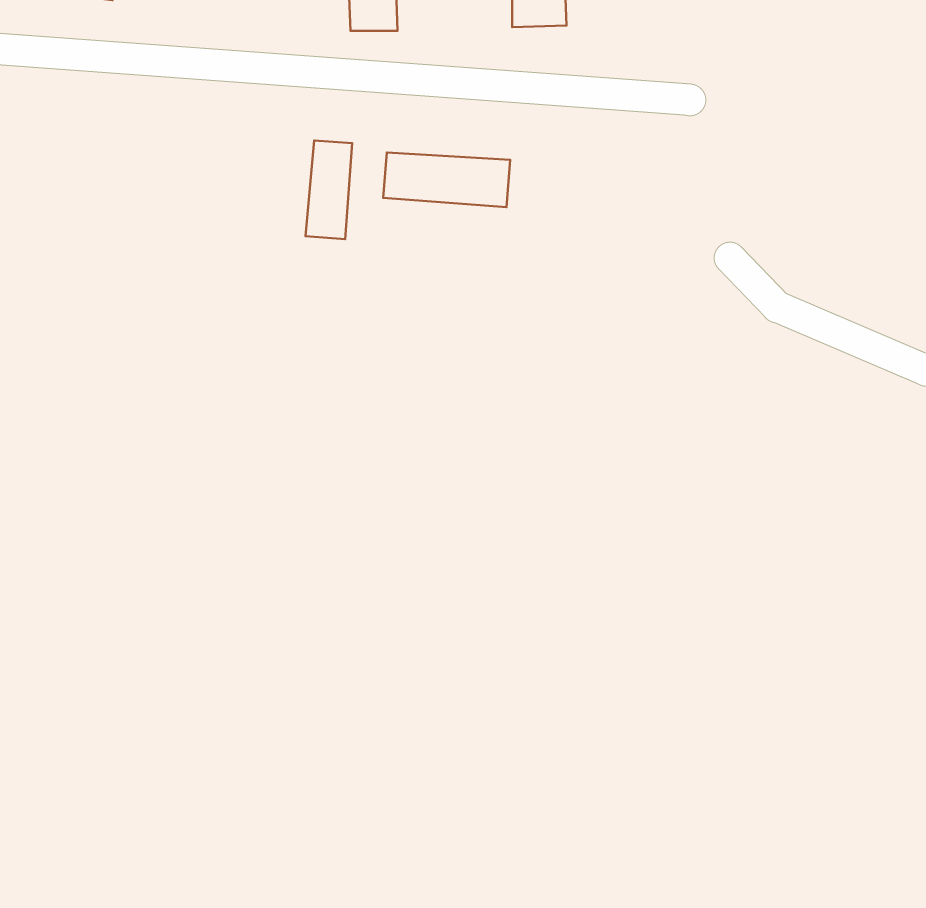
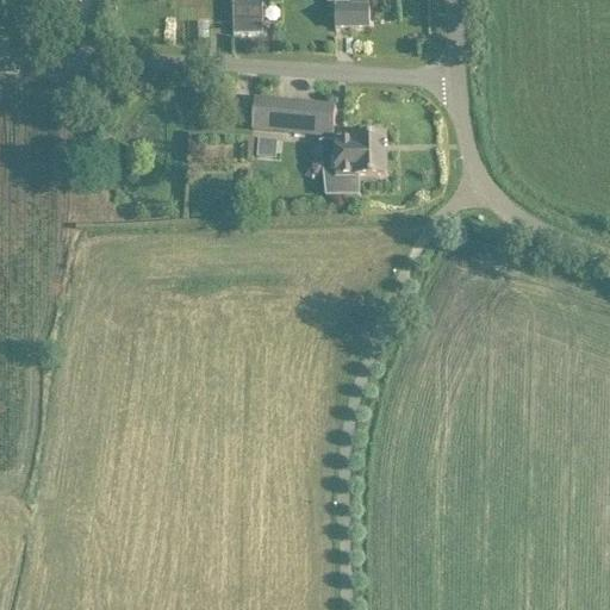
building: [306,140,352,239] -> none
building: none -> [326,124,385,183]

